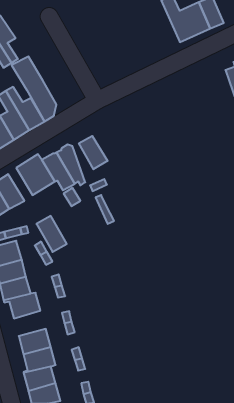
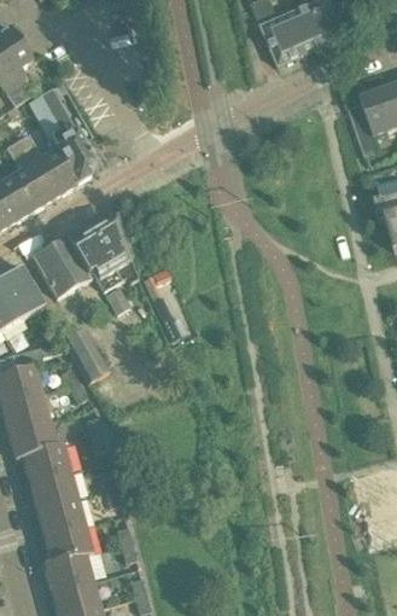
building: [79,136,108,169] -> none
building: none -> [30,470,78,509]

